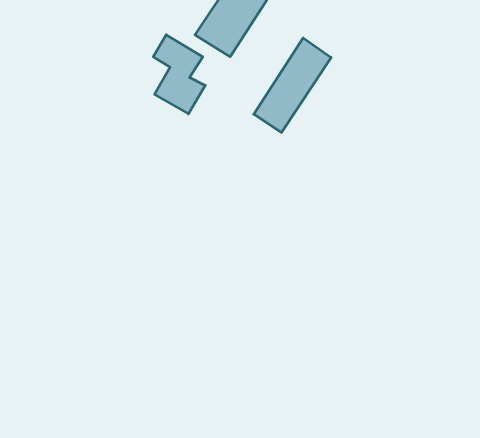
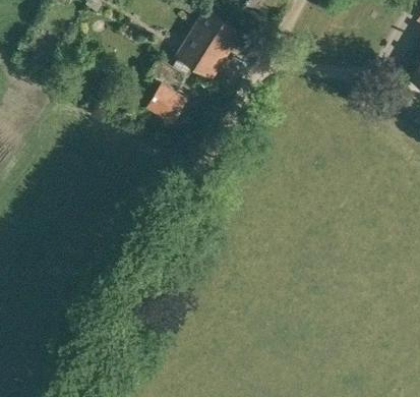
building: [254,38,331,132] -> none

